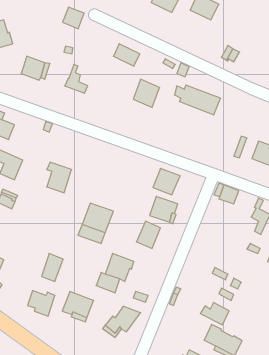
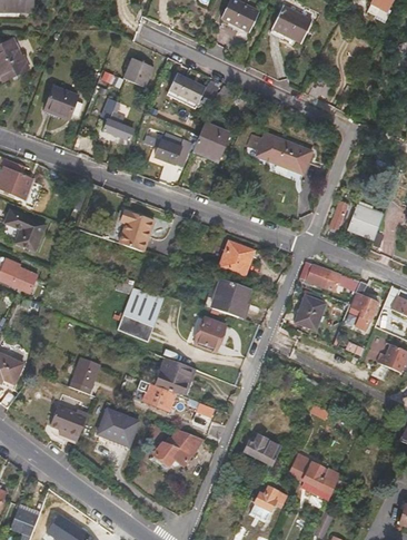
building: [63,7,84,29] -> [120,56,149,85]
building: none -> [155,128,183,161]
building: [47,162,72,193] -> [121,210,155,252]
building: none -> [295,295,326,331]
building: [200,303,229,325] -> [242,434,281,464]

